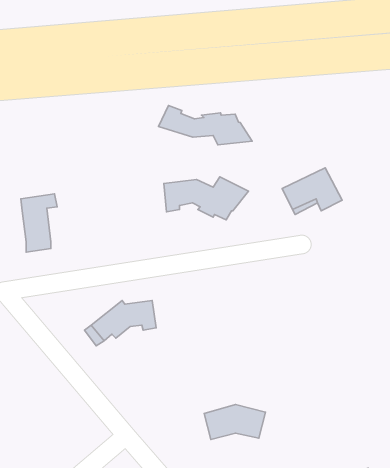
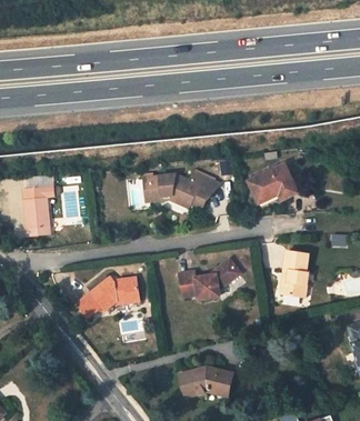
building: [159,105,252,145] -> none
building: none -> [280,250,310,298]
building: none -> [179,259,239,298]

